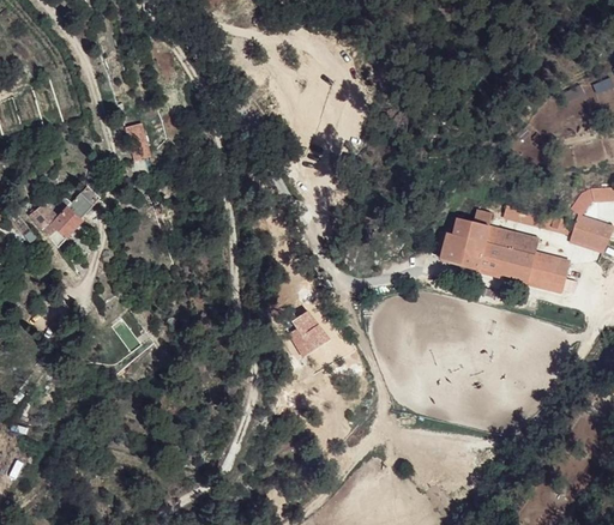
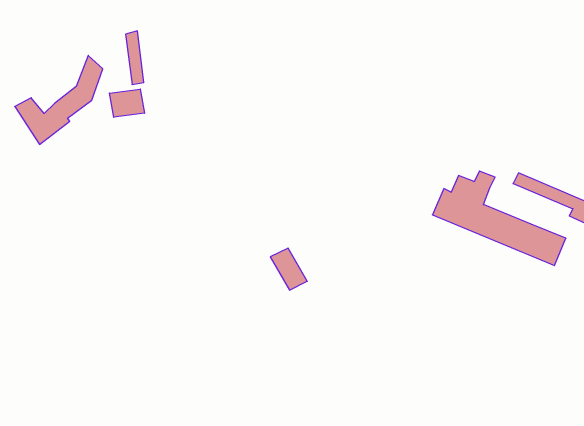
building: none -> [110,89,144,117]
building: [486,225,538,254] -> none

